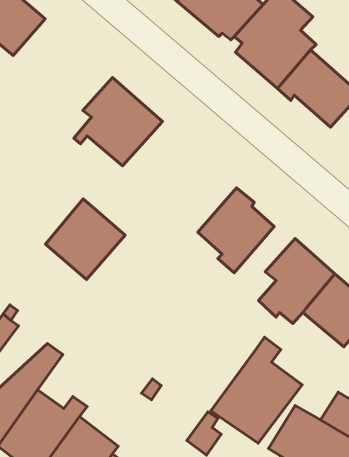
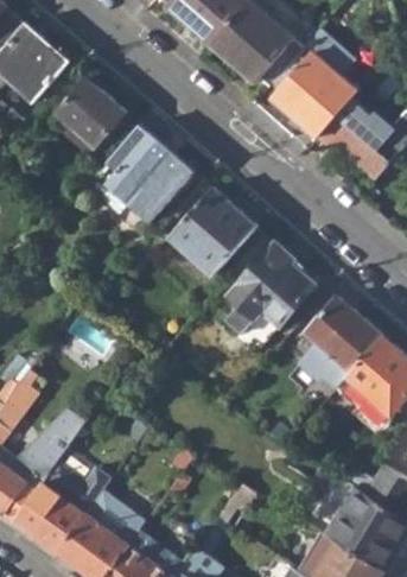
building: none -> [56,78,126,148]
building: [46,199,125,279] -> [170,189,255,275]
building: [211,337,302,443] -> none

